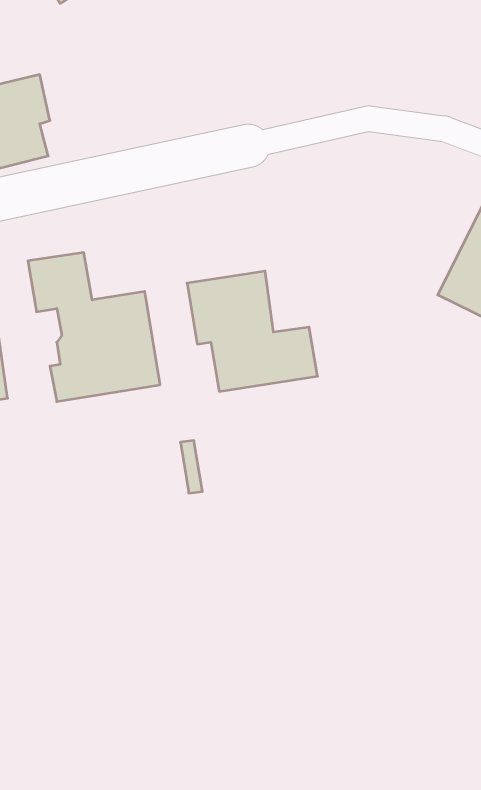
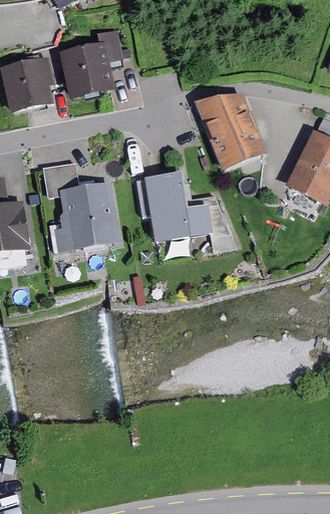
building: none -> [57,27,123,100]
building: none -> [193,91,268,170]

